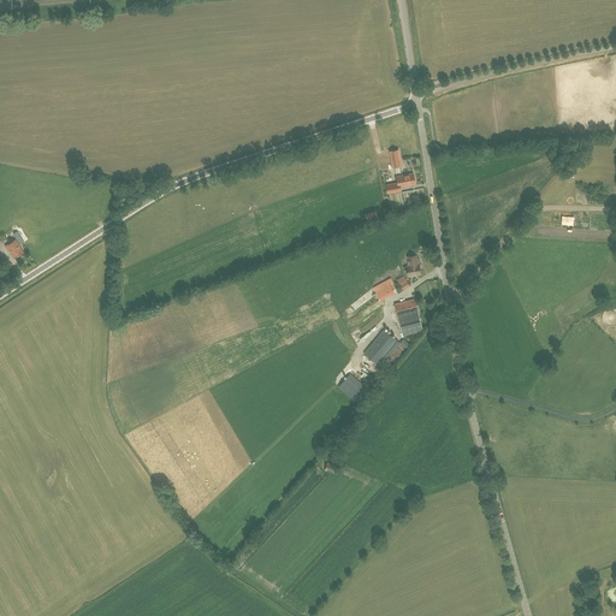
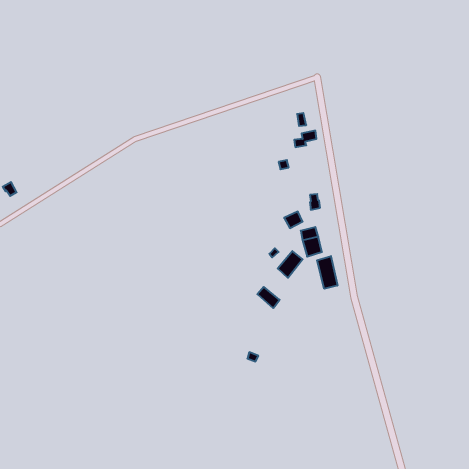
building: none -> [317,256,337,289]

